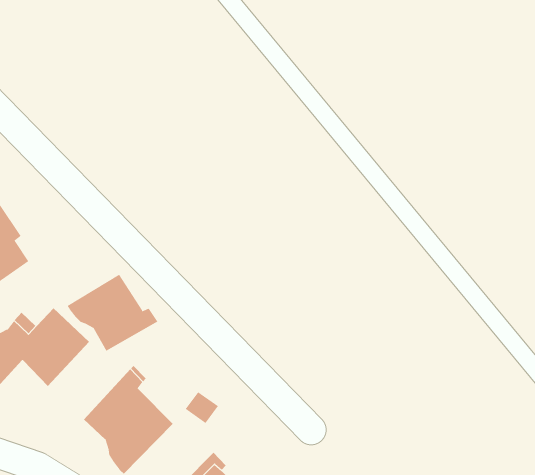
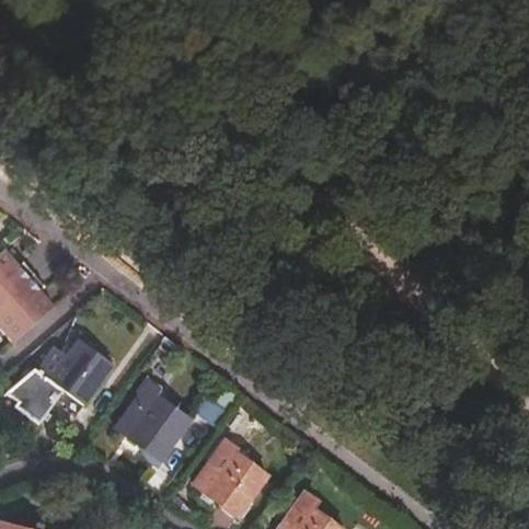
building: [67,274,158,351] -> none

